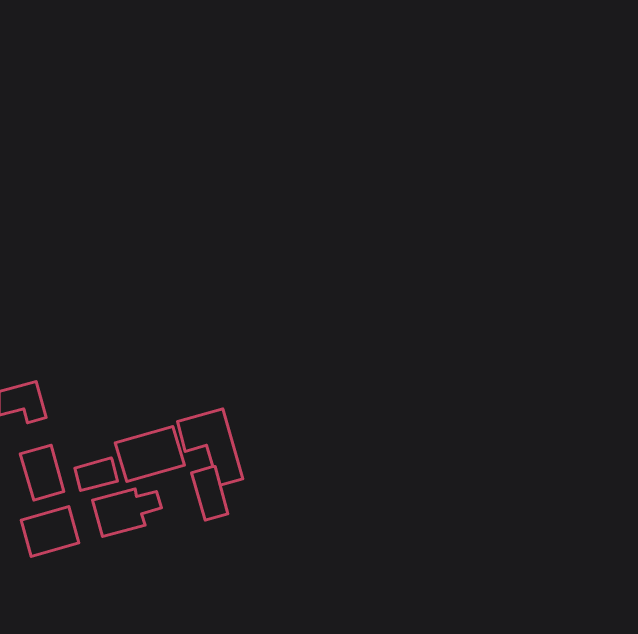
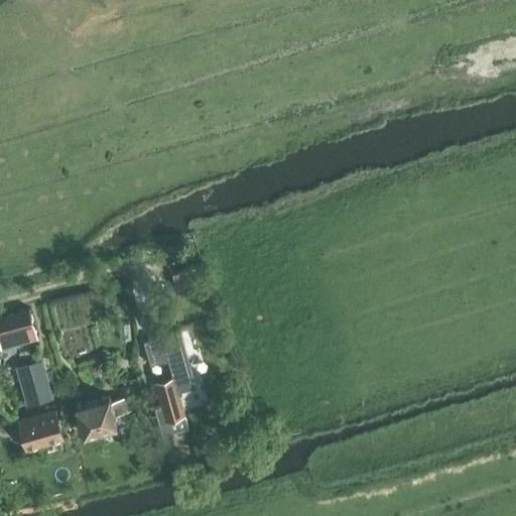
building: [115,426,185,482] -> none
building: [75,458,118,490] -> none

